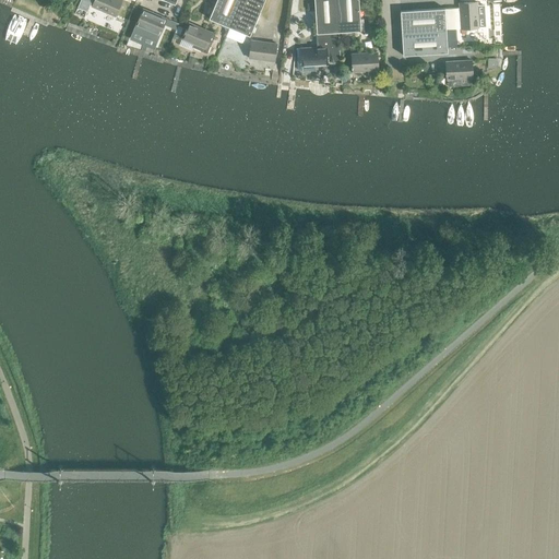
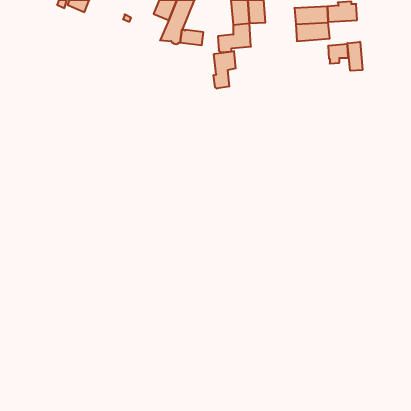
building: [132,9,166,41] -> none
building: [181,23,215,53] -> none
building: [352,52,378,72] -> none
building: none -> [347,42,362,71]
building: none -> [214,51,236,89]

